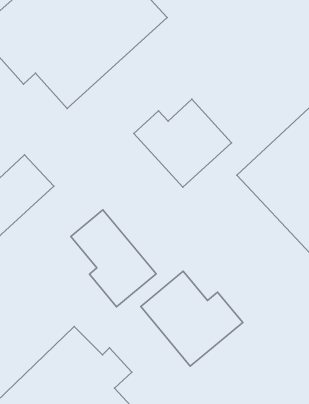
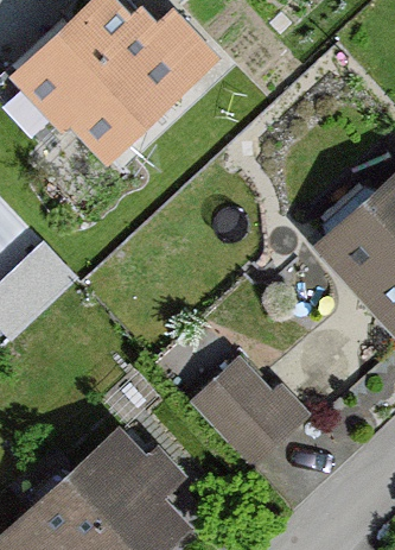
building: [134,99,231,187] -> none
building: [71,210,156,307] -> none

